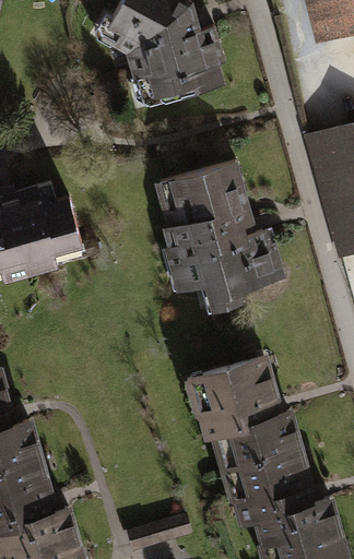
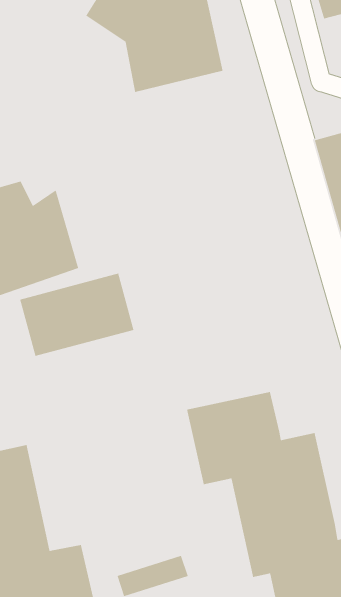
building: [148,163,279,316] -> none
building: none -> [19,273,135,357]

